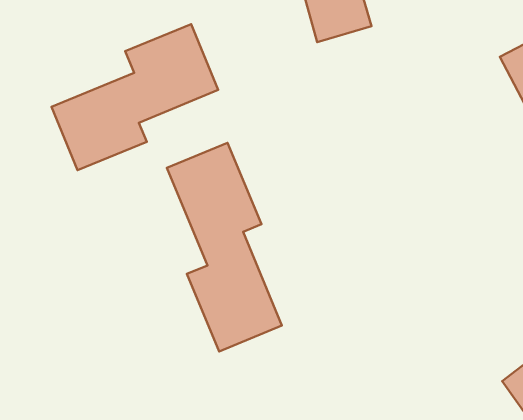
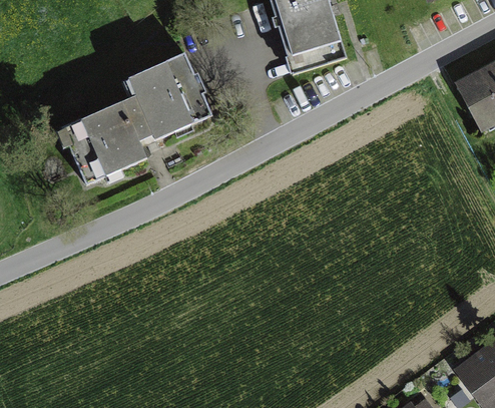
building: [167,143,282,352] -> none

